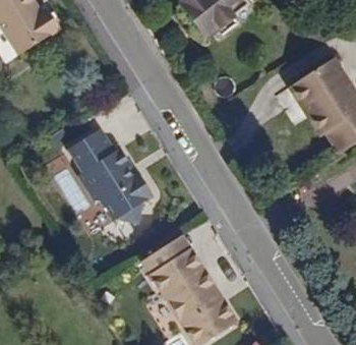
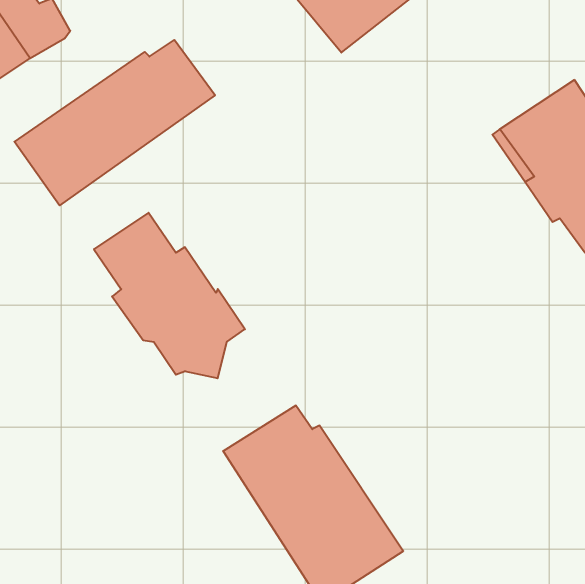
building: none -> [14,40,215,205]

